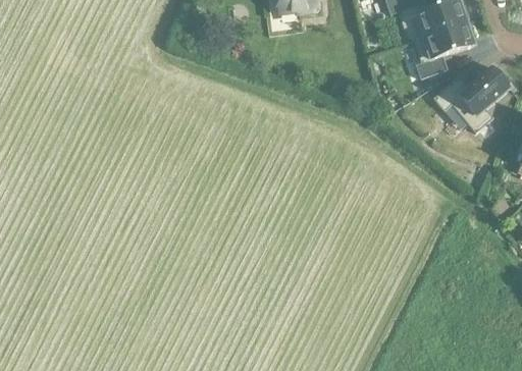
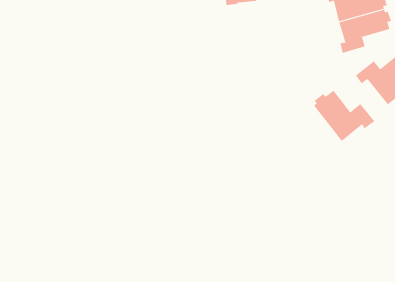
building: none -> [313,90,375,142]

